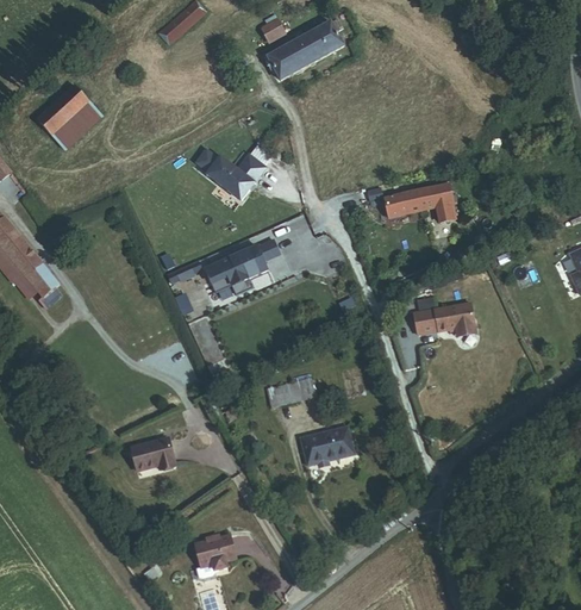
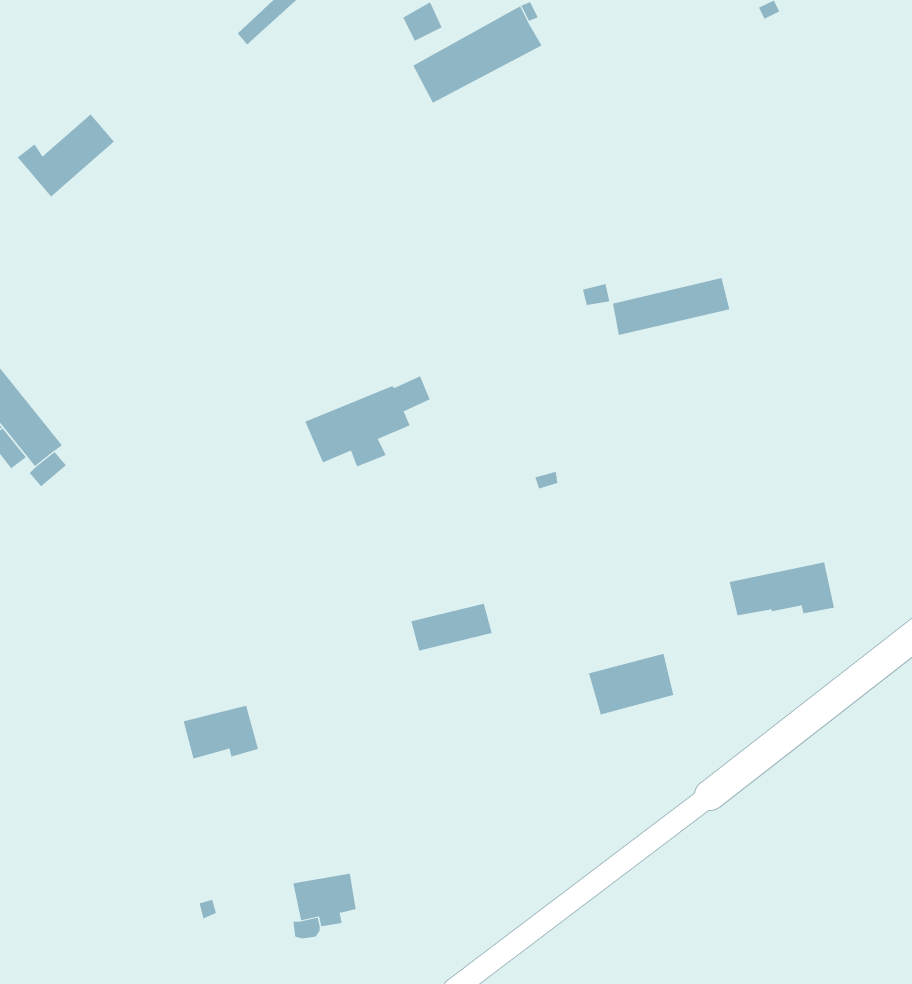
building: [51,102,102,150] -> none
building: [196,150,267,201] -> none
building: [413,301,476,334] -> [729,562,835,616]
building: [301,428,352,465] -> [588,653,674,715]

